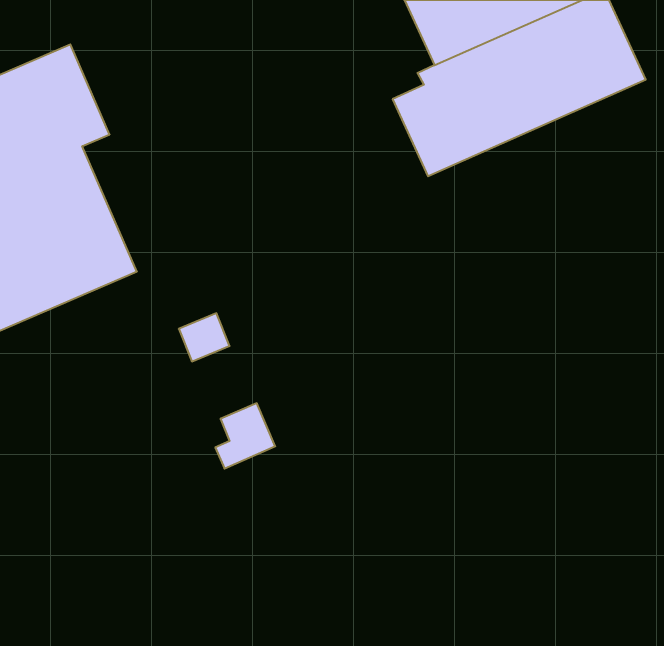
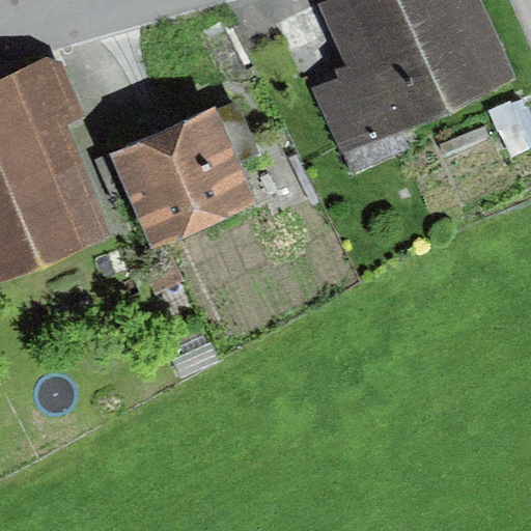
building: none -> [111,107,259,243]

